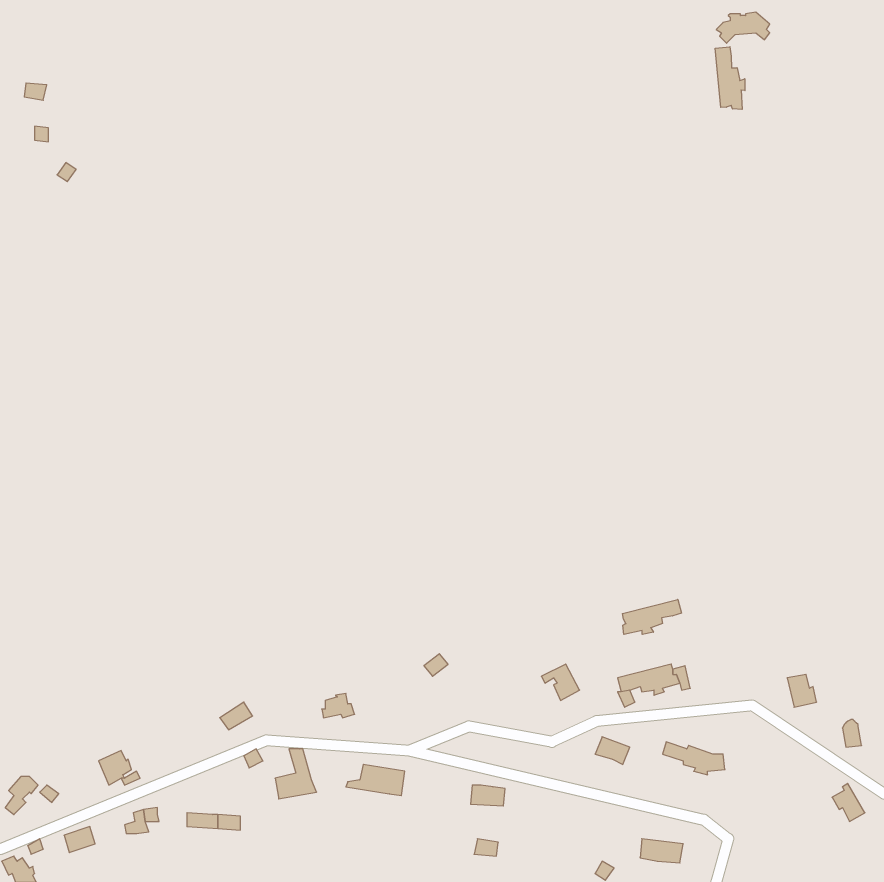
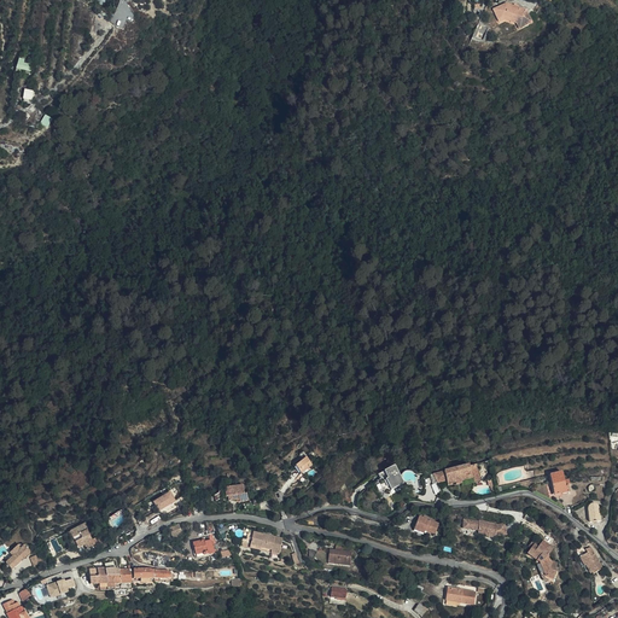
building: [715,47,745,109] -> none
building: [622,599,681,634] -> none
building: none -> [526,542,558,579]

